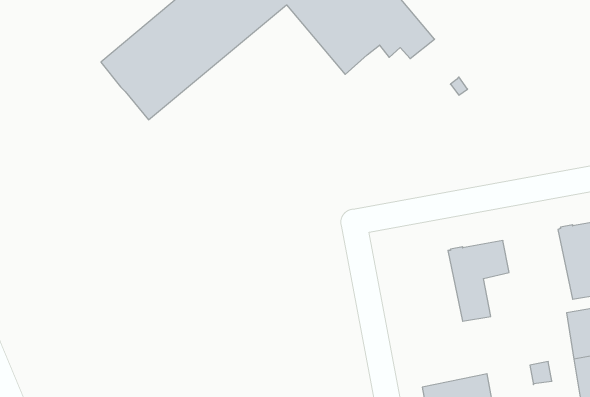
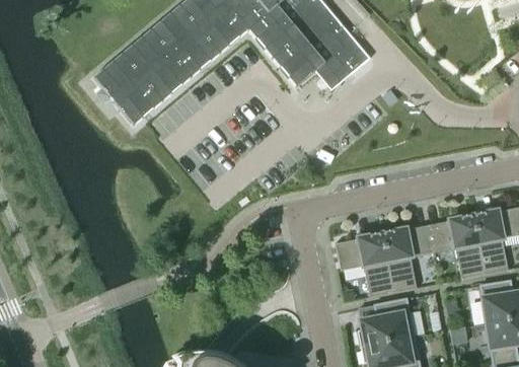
building: none -> [427,215,485,279]
building: none -> [335,233,393,297]
building: none -> [357,298,414,347]

